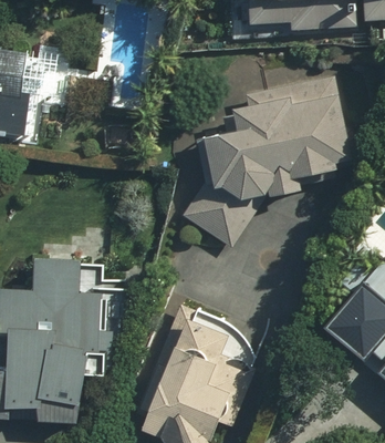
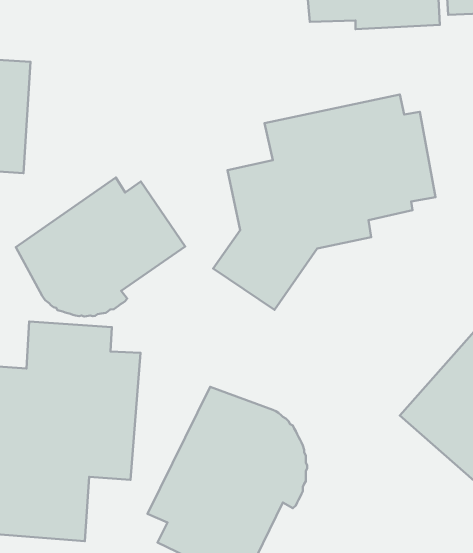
building: none -> [16,177,185,316]

